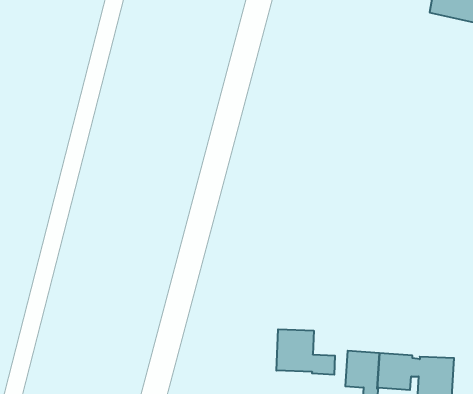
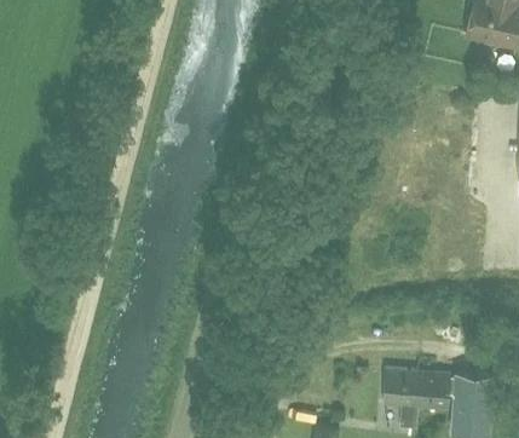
building: [276,329,335,375] -> none

